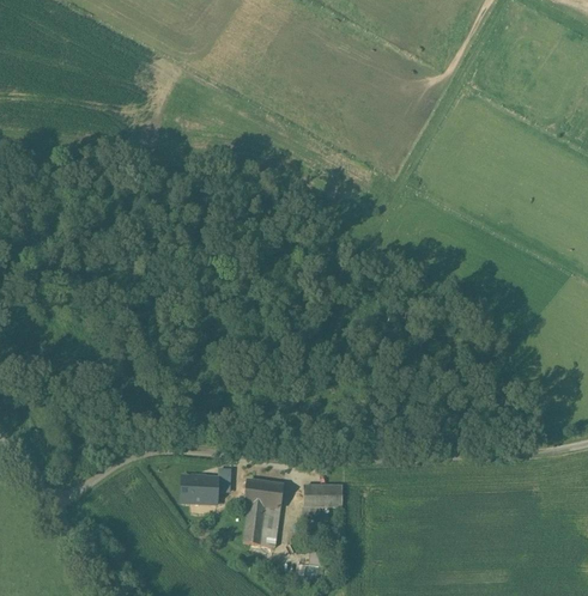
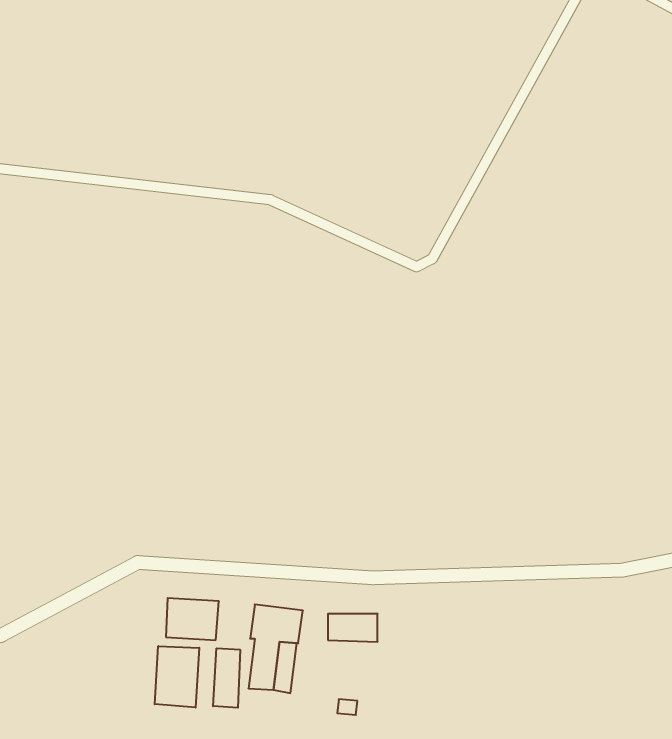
building: none -> [155,646,199,708]
building: none -> [213,648,240,708]

